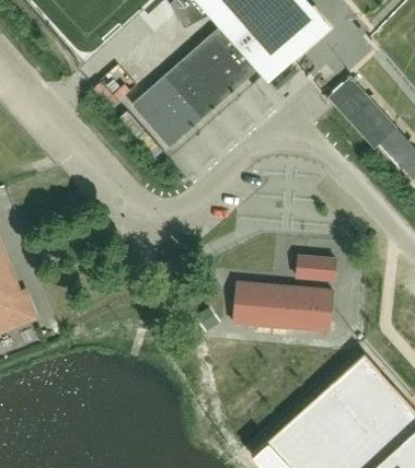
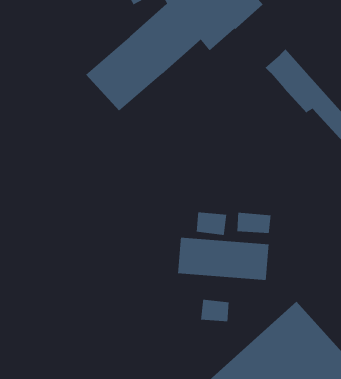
building: none -> [196,212,227,236]
building: none -> [200,299,230,322]

